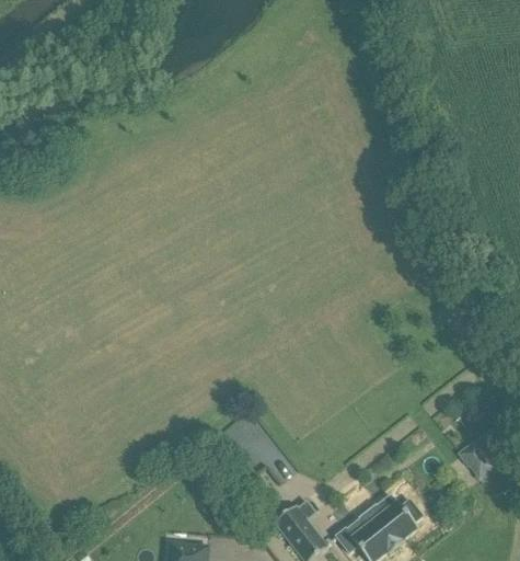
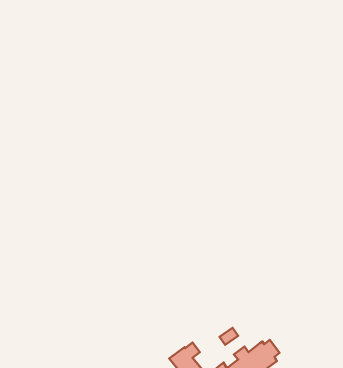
building: [459,437,496,477] -> none

